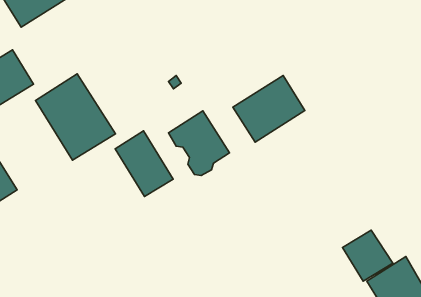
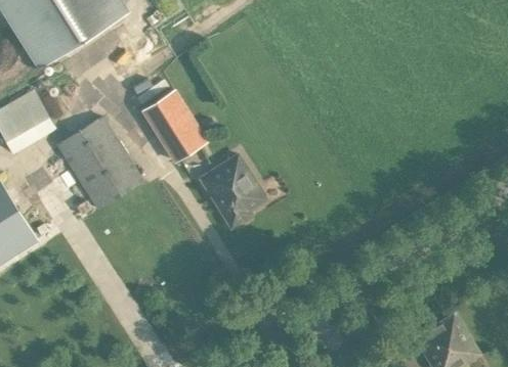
building: [233,76,305,142] -> none
building: [115,131,173,196] -> [143,92,206,163]
building: [342,230,393,281] -> none

